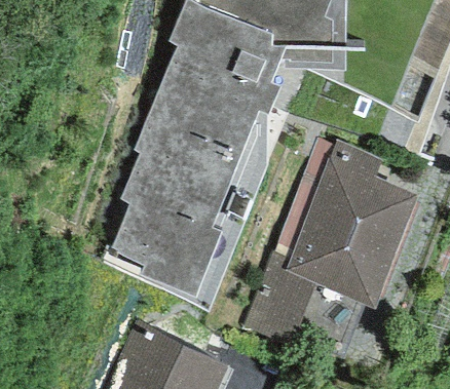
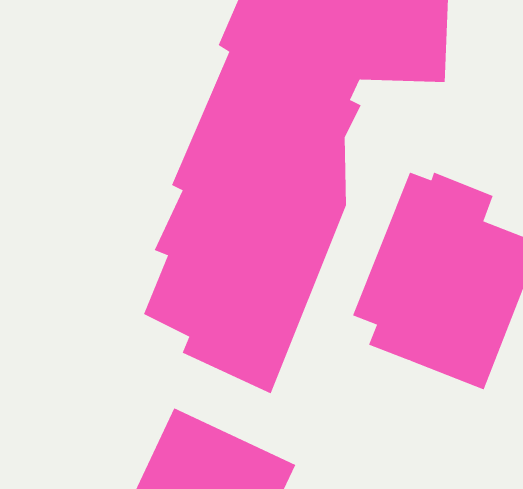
building: [242,251,316,348] -> none

